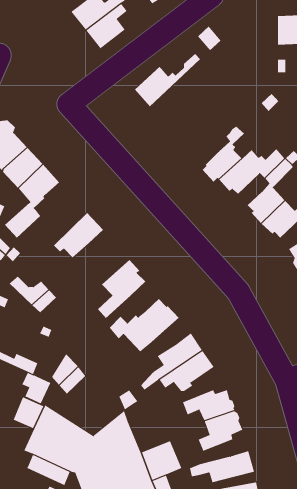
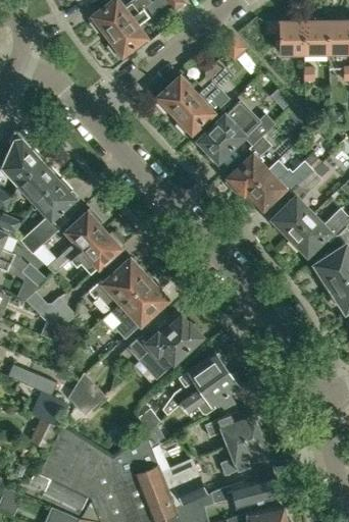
building: none -> [266,23,304,54]
building: none -> [171,68,232,137]
building: none -> [198,102,277,162]
building: none -> [49,210,106,275]
building: none -> [88,260,150,312]

